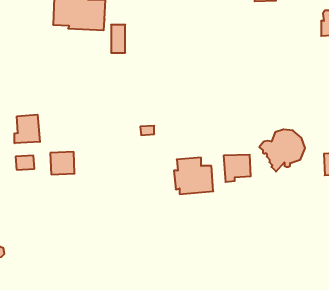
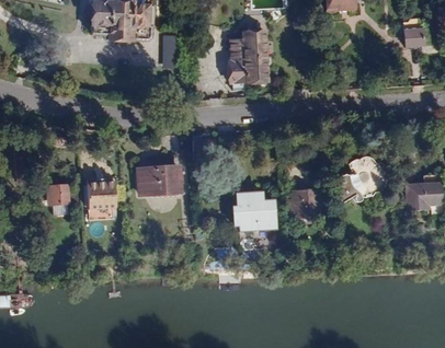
building: none -> [230,33,267,82]
building: [14,115,40,143] -> none
building: none -> [136,163,185,197]

